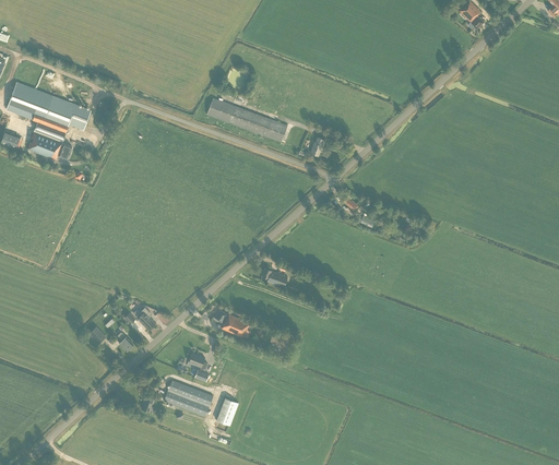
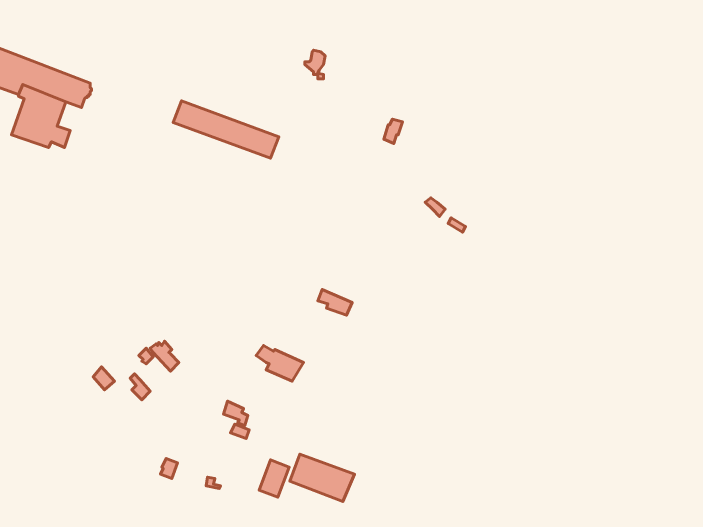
building: [206,97,287,141] -> [173,101,279,158]
building: [164,379,213,415] -> [290,454,354,501]

